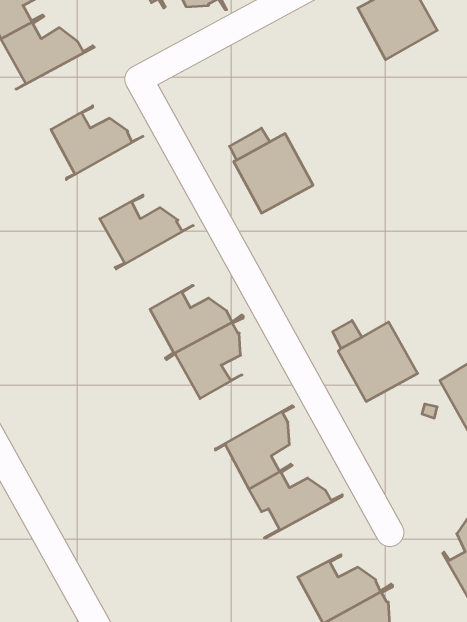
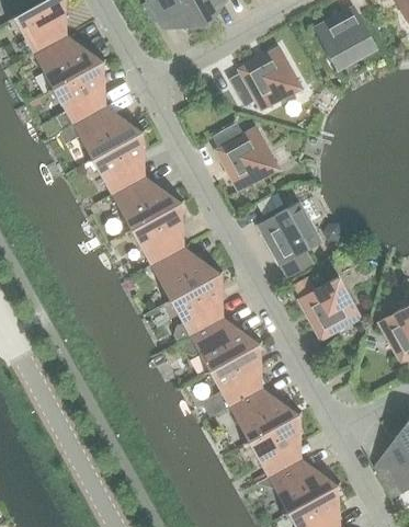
building: none -> [229,48,303,111]
building: none -> [46,60,107,125]
building: none -> [86,130,147,195]
building: none -> [125,201,185,266]
building: none -> [258,203,320,278]
building: none -> [191,318,263,376]
building: none -> [242,413,303,477]

